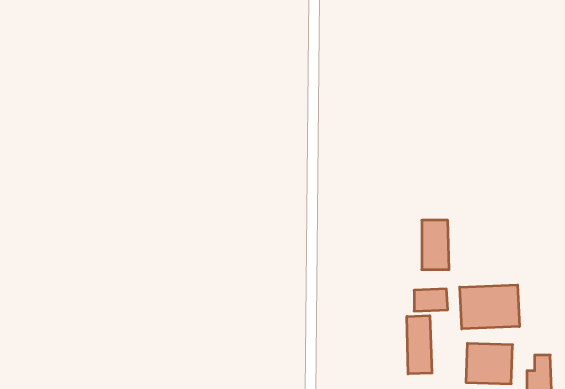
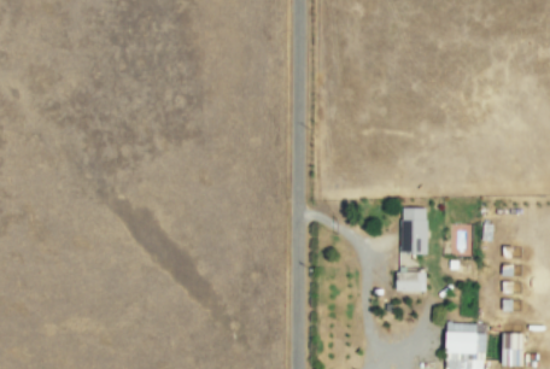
building: [460,285,519,329] -> none
building: [407,316,432,374] -> none

